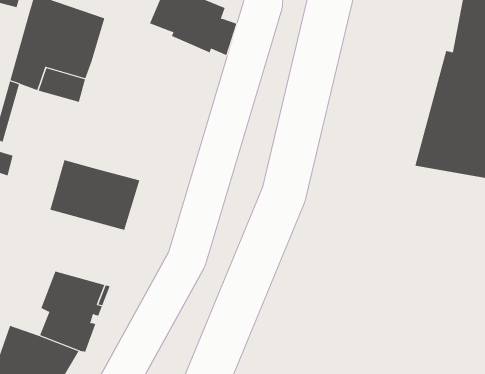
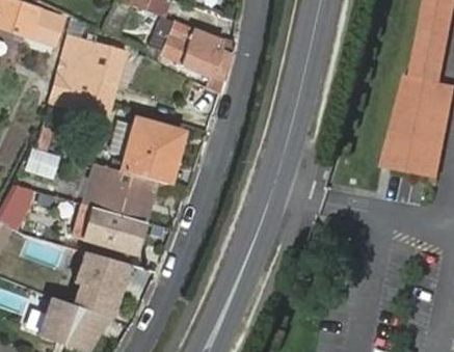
building: none -> [122,118,182,182]
building: none -> [76,202,144,251]

